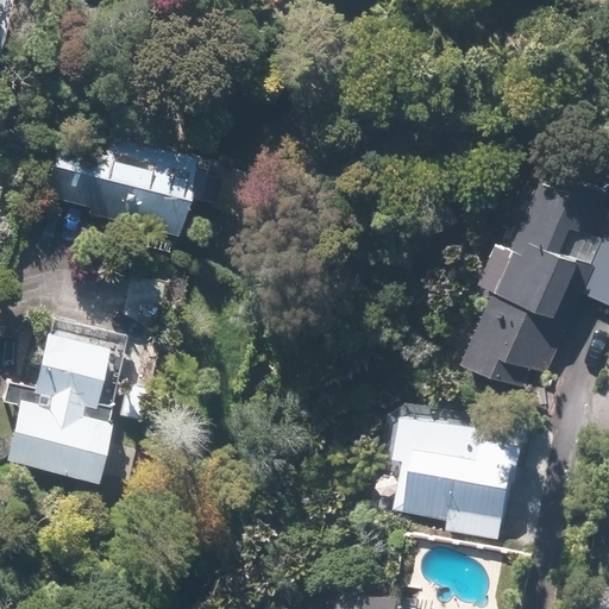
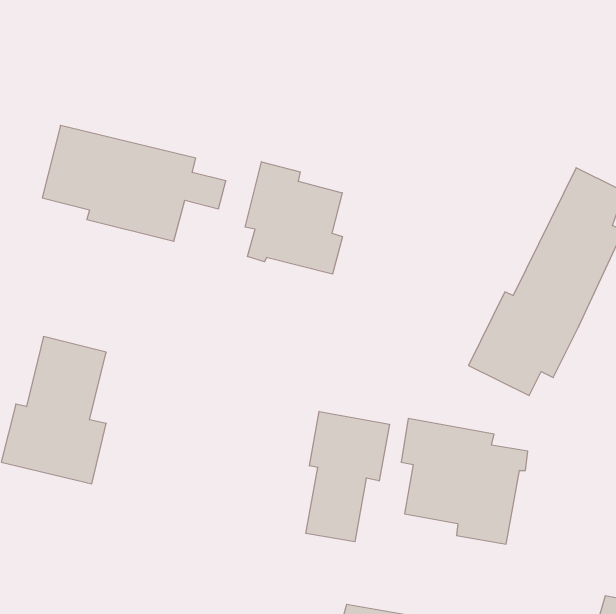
building: none -> [245,162,342,274]
building: none -> [306,411,389,542]

